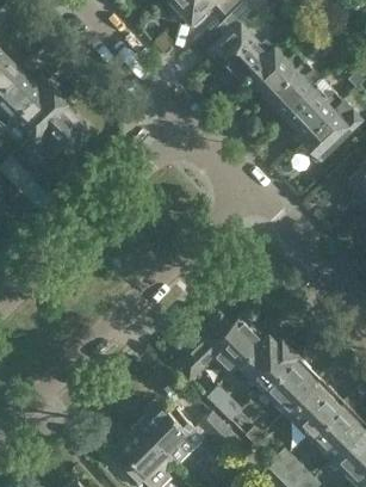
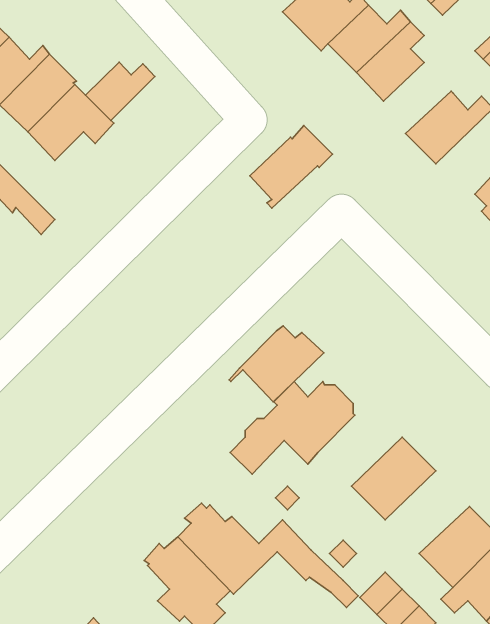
building: [285,80,343,138] -> [250,125,333,208]
building: none -> [86,62,155,120]
building: [231,334,298,388] -> [229,326,324,402]
building: [286,377,346,436] -> none

